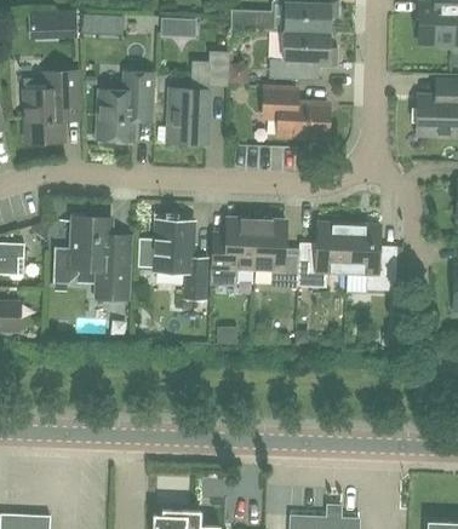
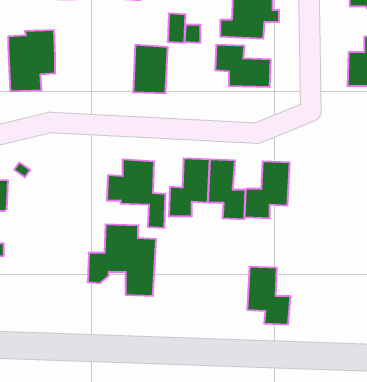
building: [97,71,154,145] -> none
building: [52,218,131,300] -> [88,224,156,296]
building: [347,224,396,291] -> [247,267,290,324]

